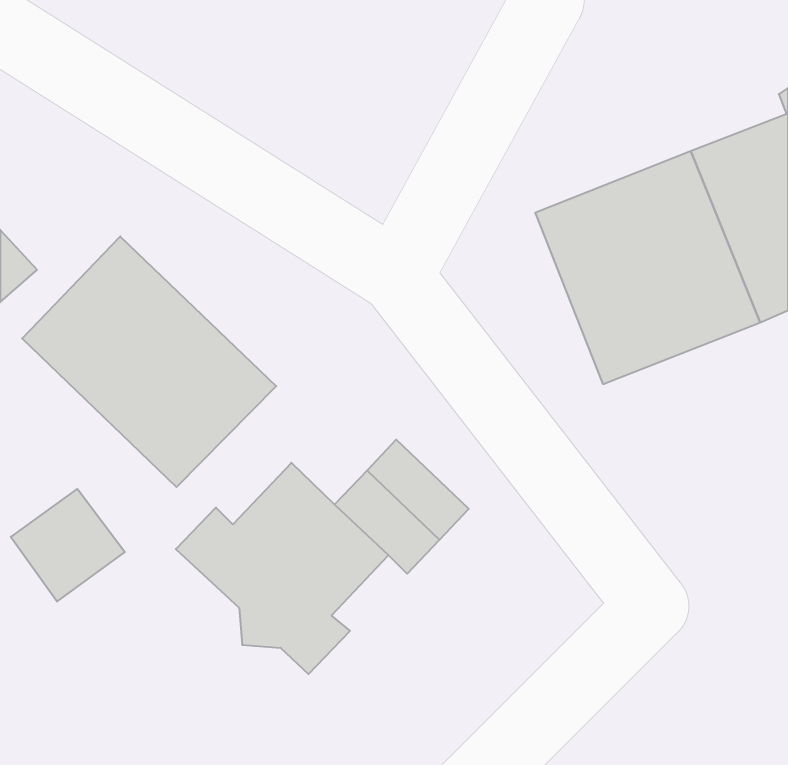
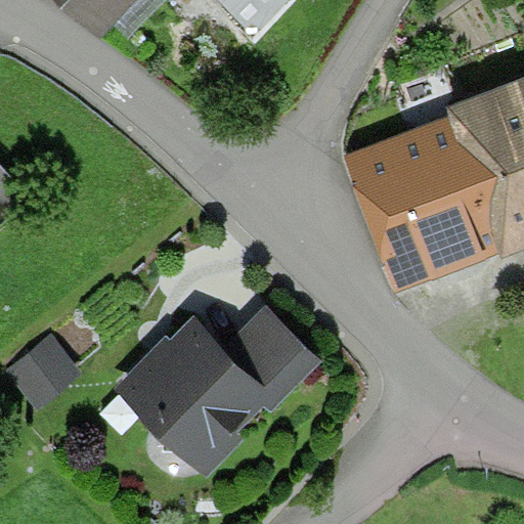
building: [22,236,276,487] -> none

